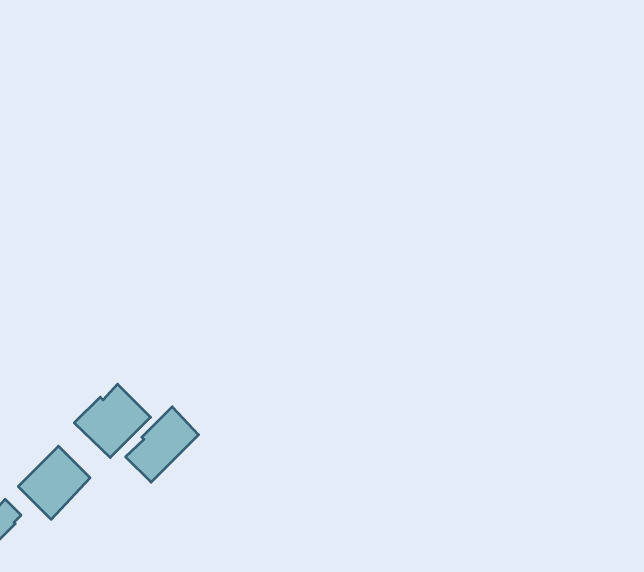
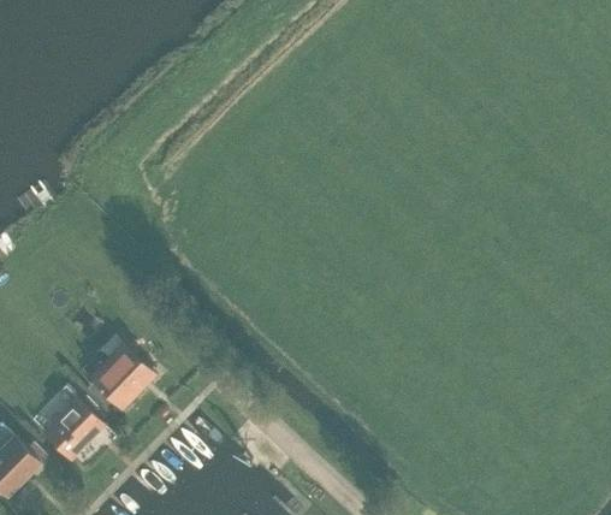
building: [126,407,199,482] -> none

